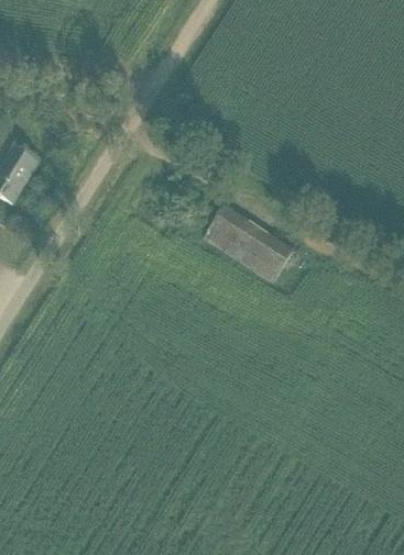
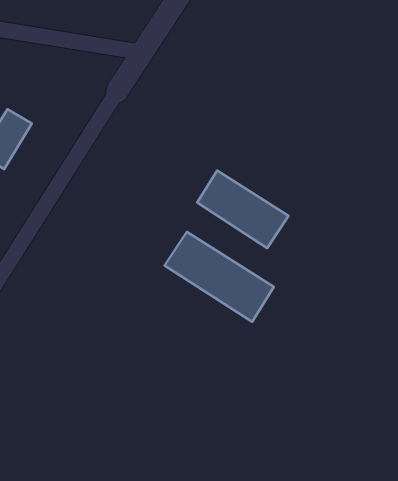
building: none -> [164,232,274,322]

